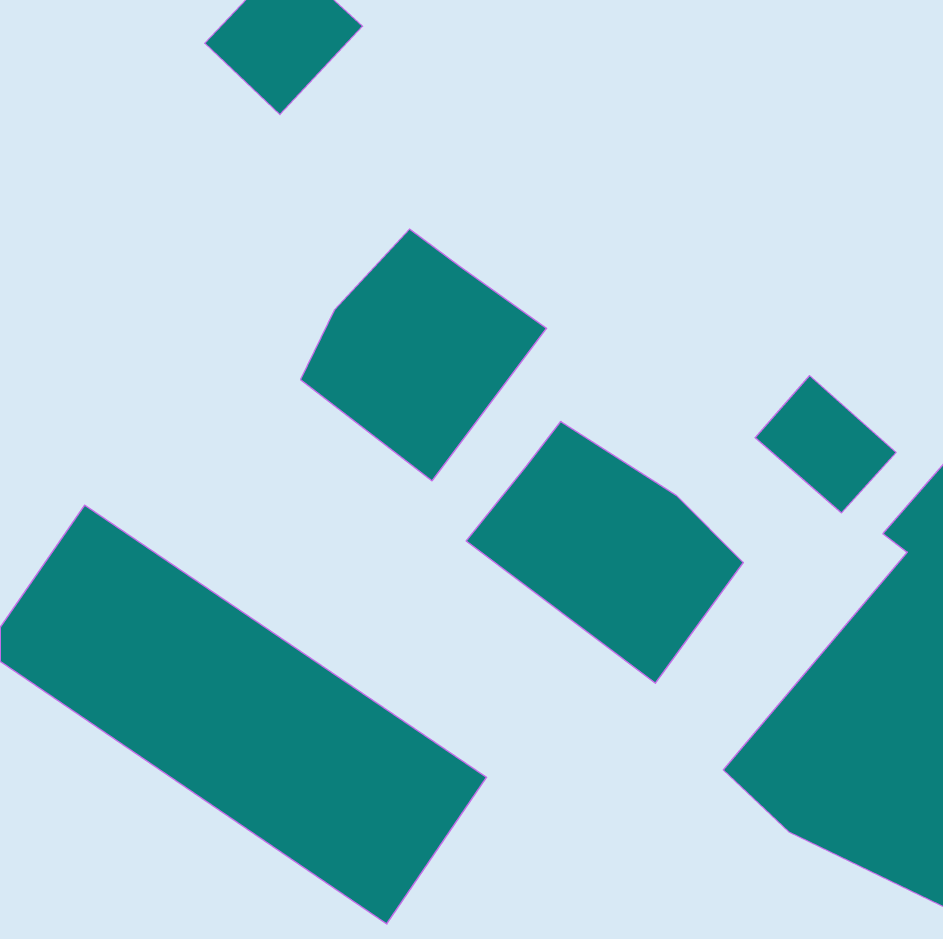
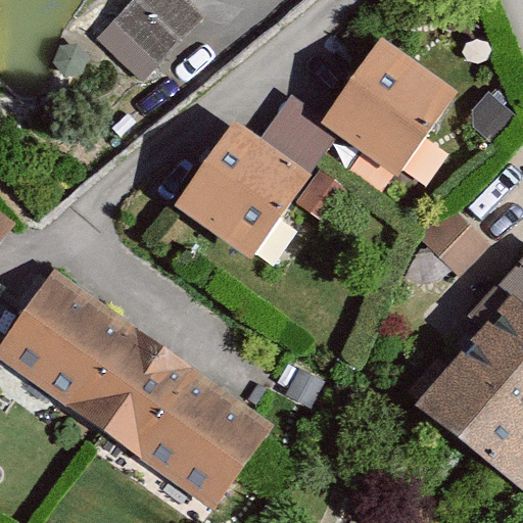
building: none -> [259,39,453,179]
building: [466,421,743,683] -> none

